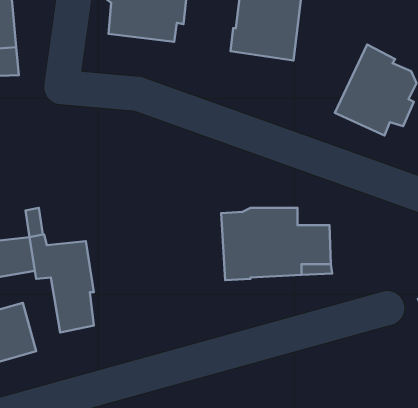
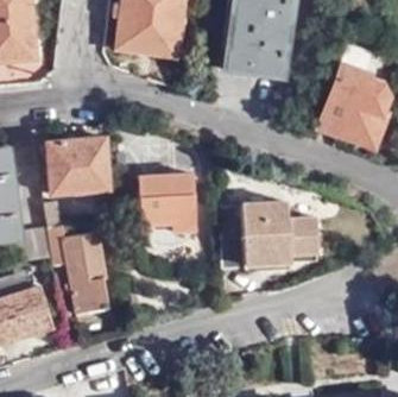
building: none -> [44,138,107,194]
building: none -> [134,170,192,228]

